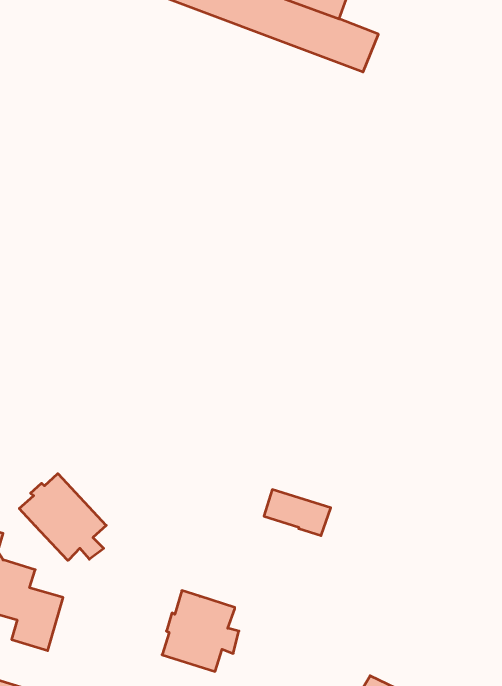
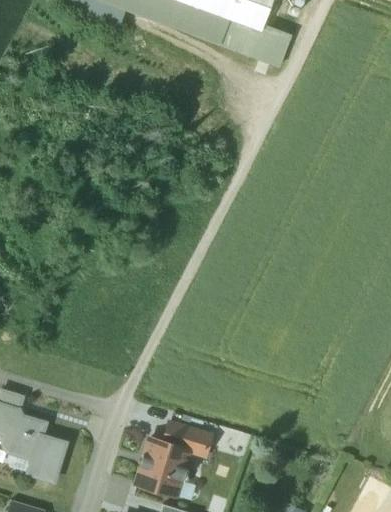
building: [19,474,106,560] -> none
building: [264,490,331,536] -> [163,421,211,454]

